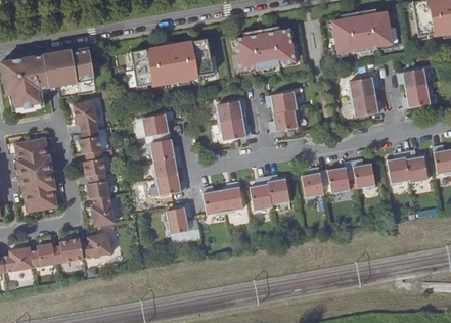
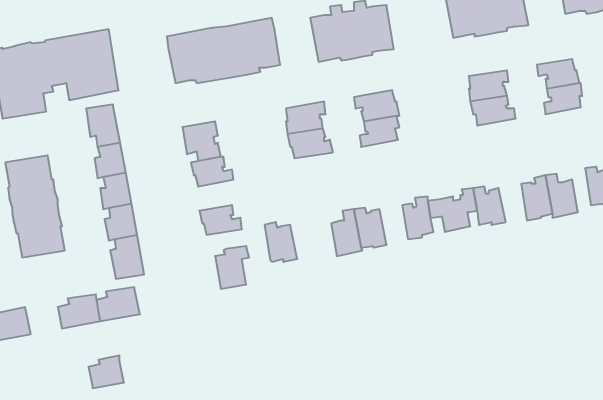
building: [153,155,181,178] -> none
building: [220,182,242,213] -> none
building: [30,243,55,267] -> [88,356,124,388]

